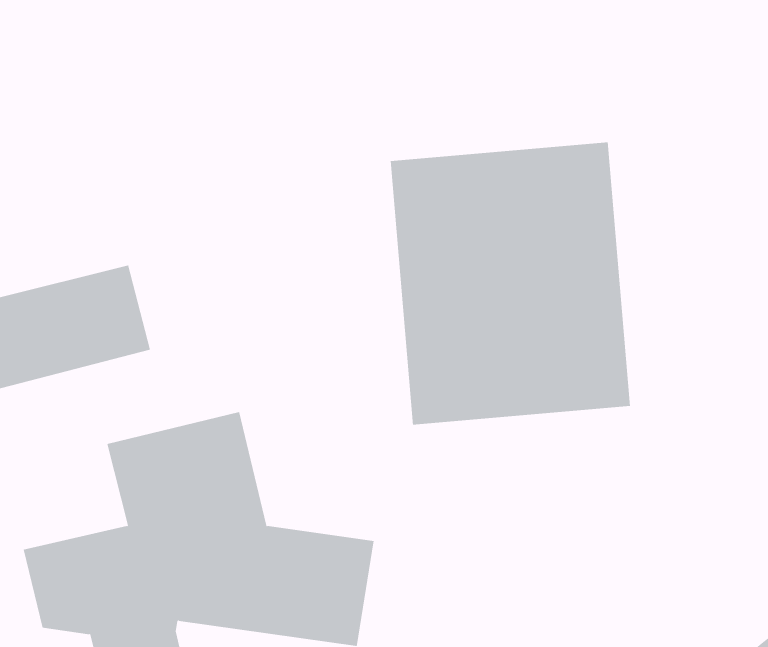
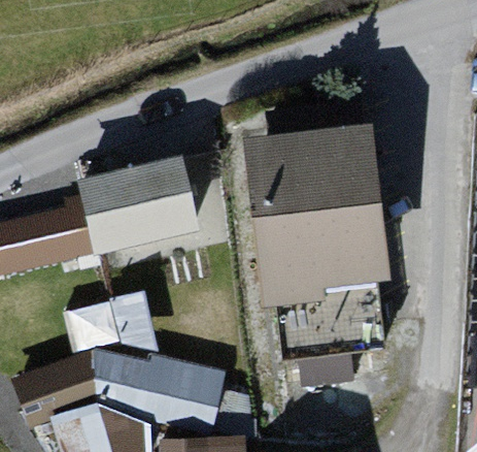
building: none -> [81,160,205,262]

